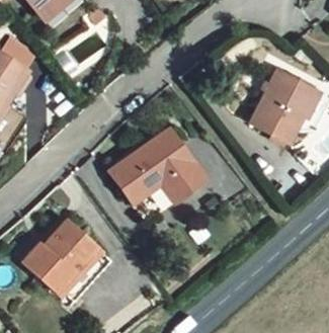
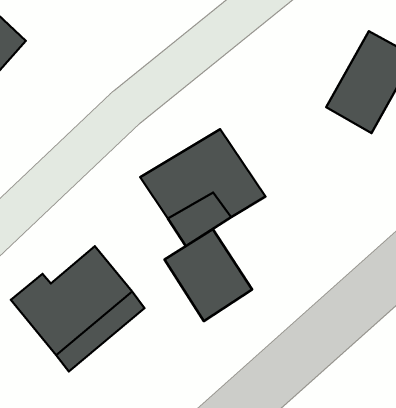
building: none -> [165,229,252,321]

